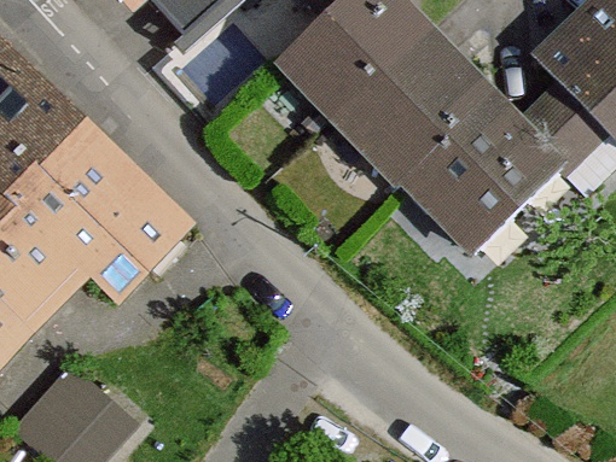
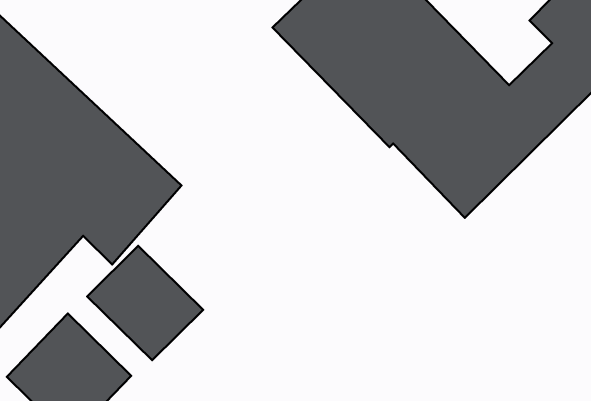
building: none -> [87,246,203,360]

